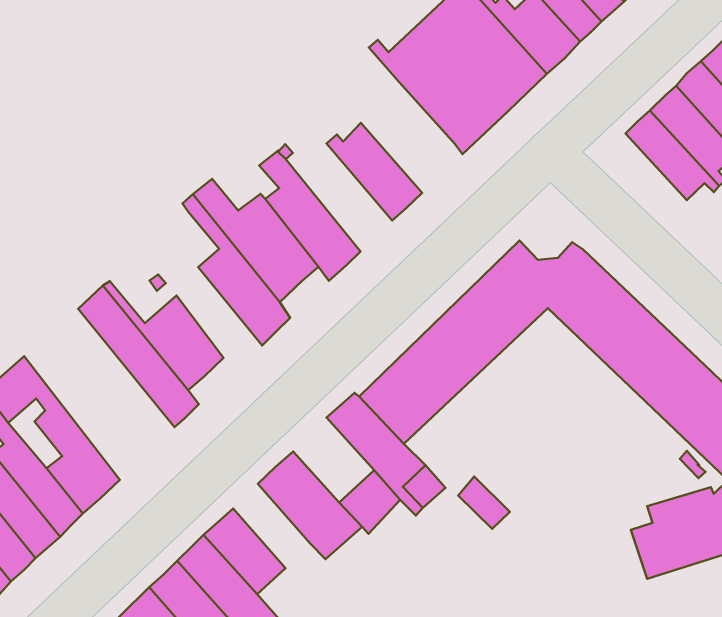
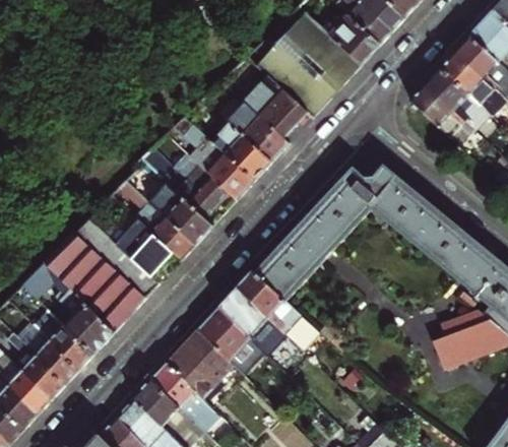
building: none -> [245,76,306,137]
building: none -> [212,121,270,182]
building: none -> [122,176,195,260]
building: none -> [49,229,144,332]
building: none -> [218,285,269,337]
building: none -> [184,329,233,380]

